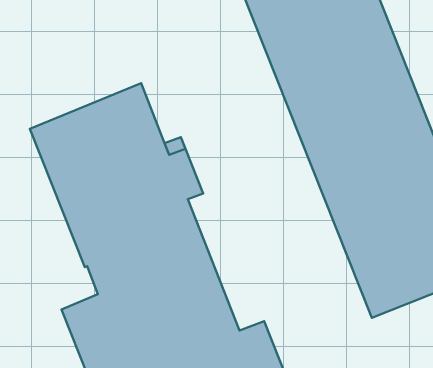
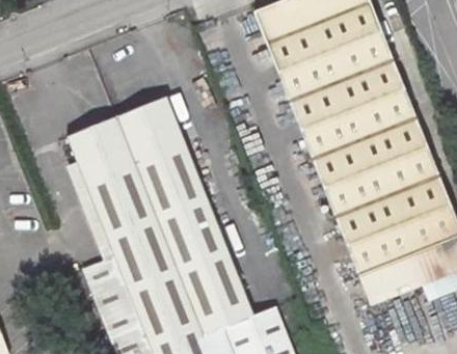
building: none -> [85,257,127,296]

